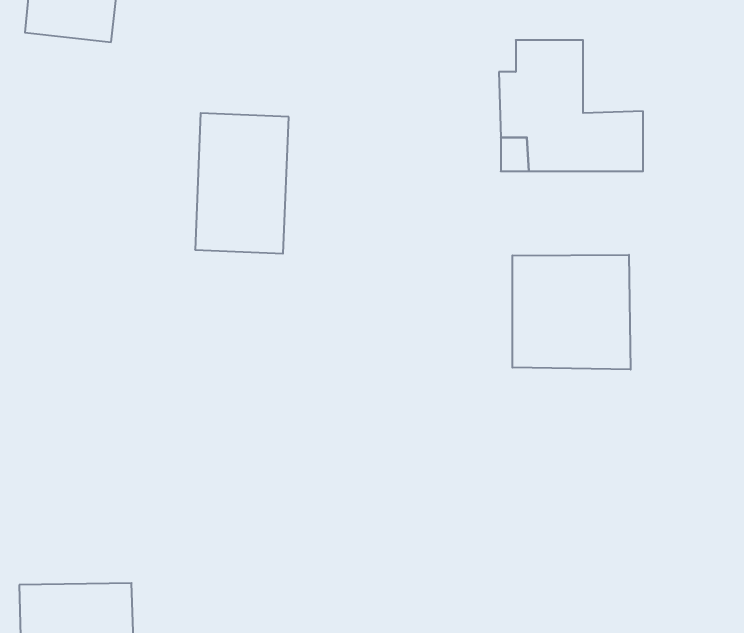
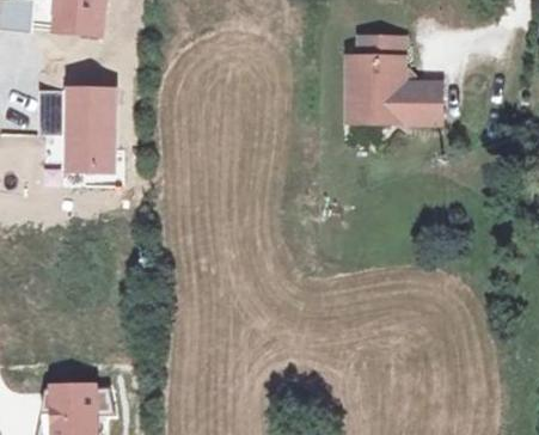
building: [195,113,289,254] -> [60,84,120,173]
building: [512,255,631,370] -> none

